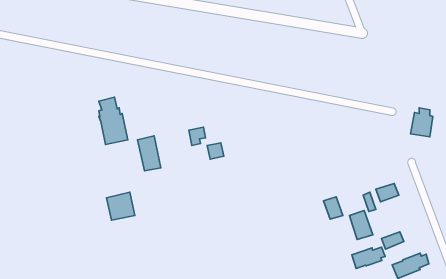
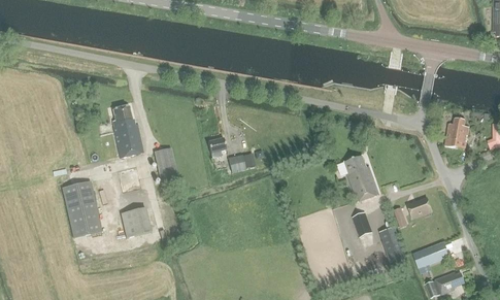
building: none -> [344,154,378,200]
building: none -> [62,179,102,236]
building: [352,247,385,269] -> none

